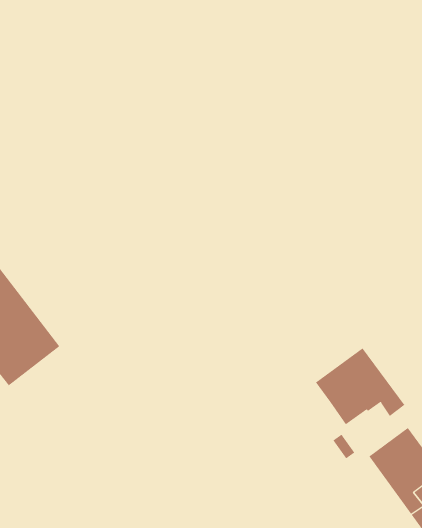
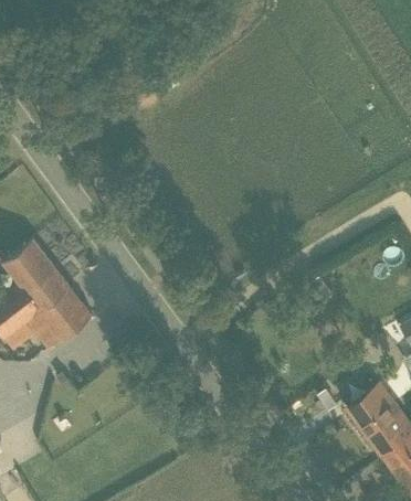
building: [315,348,405,425] -> none

